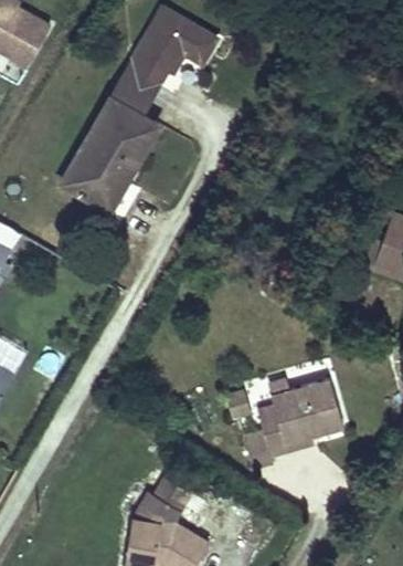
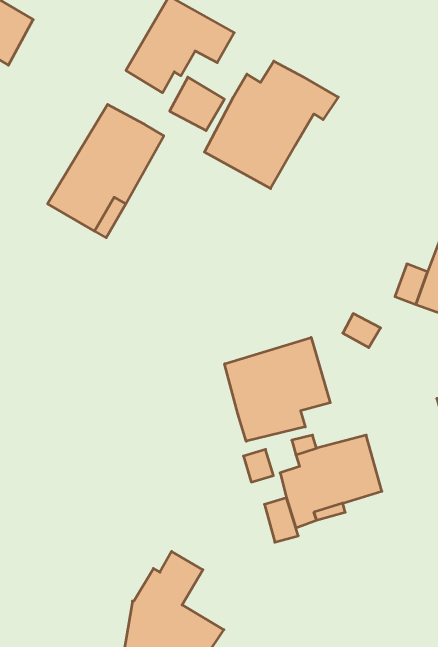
building: none -> [204,61,338,189]
building: [112,71,158,116] -> [170,77,224,131]
building: none -> [225,337,330,441]

